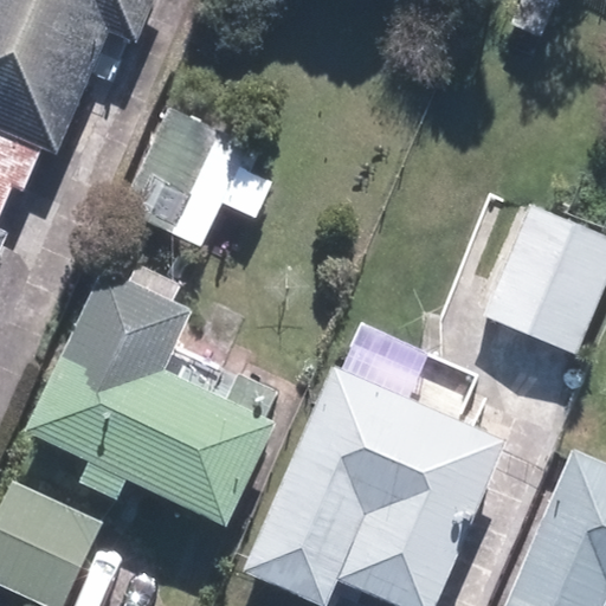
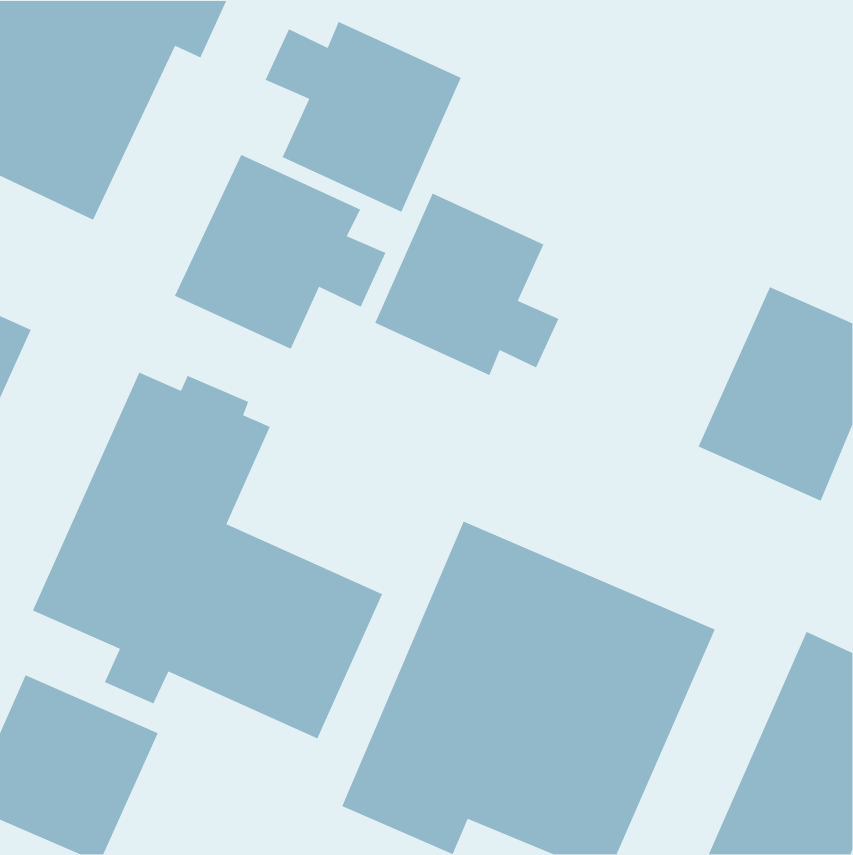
building: none -> [264,21,462,213]
building: none -> [374,193,560,376]

